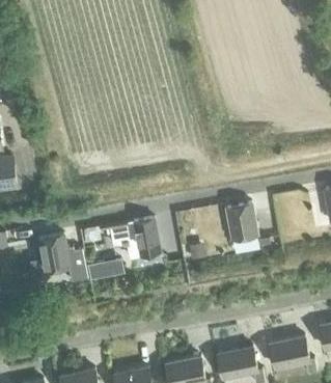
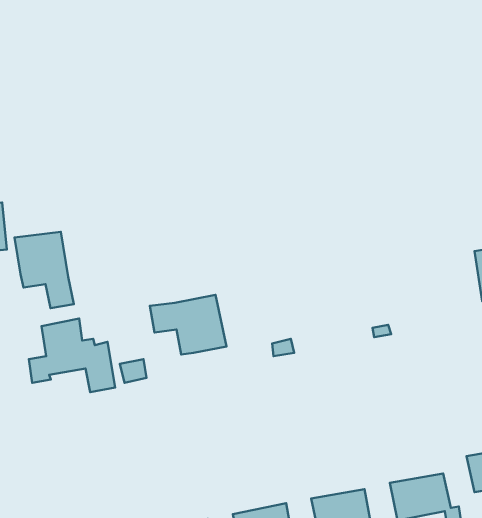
building: none -> [15,232,74,308]
building: [226,202,257,240] -> none

